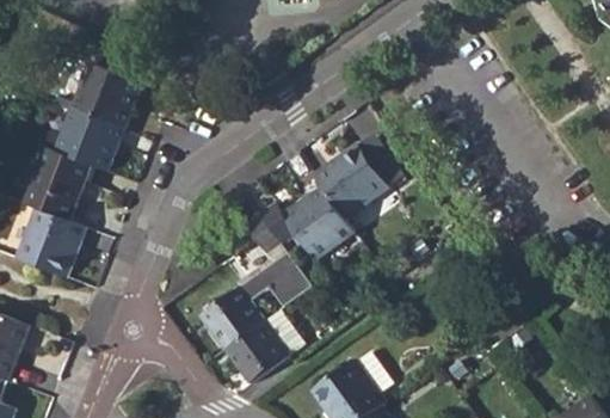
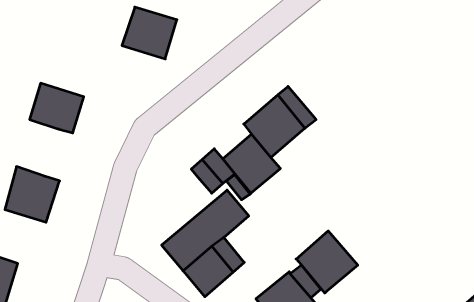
building: [69,62,138,128] -> [122,7,177,59]
building: [21,147,87,221] -> none
building: none -> [296,231,358,293]

